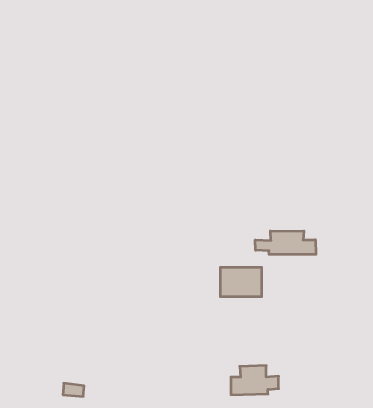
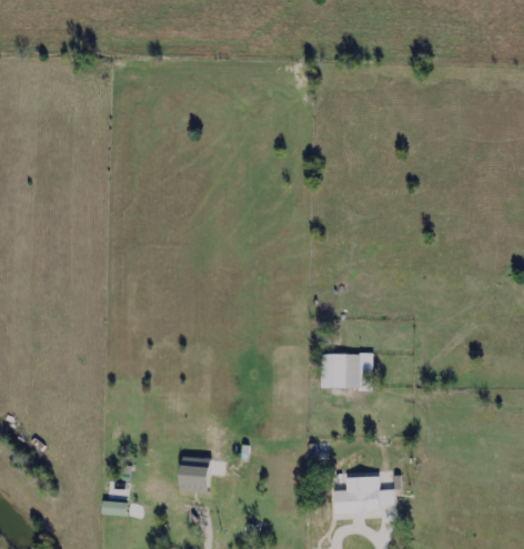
building: [255,231,316,254] -> none
building: none -> [187,456,218,489]

